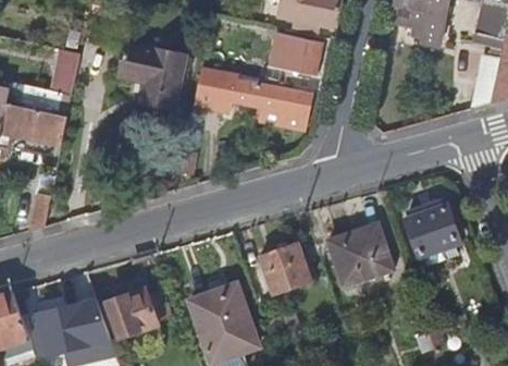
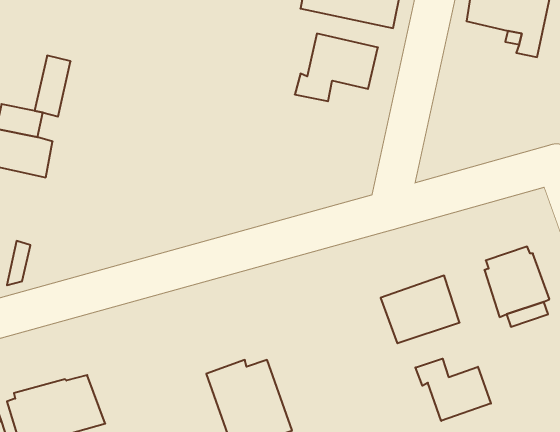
building: [120,47,184,111] -> none
building: [195,65,314,130] -> none
building: [258,241,309,292] -> none
building: none -> [415,359,491,421]
building: [106,288,168,336] -> none

